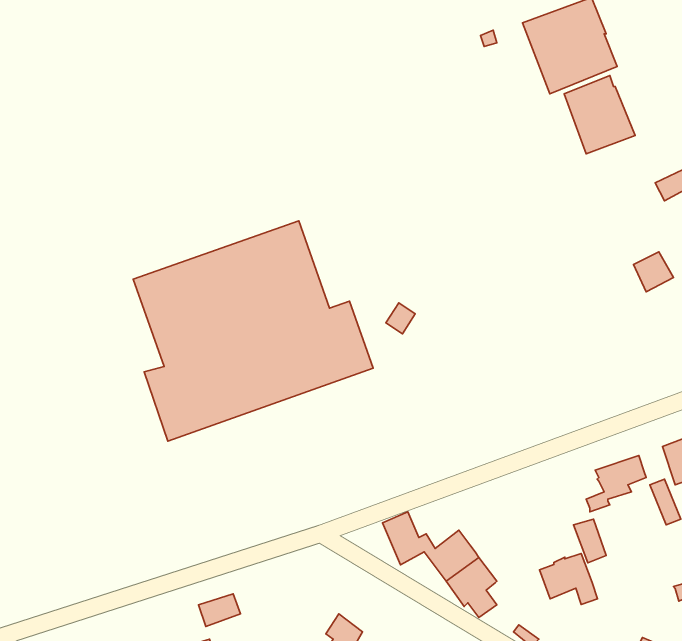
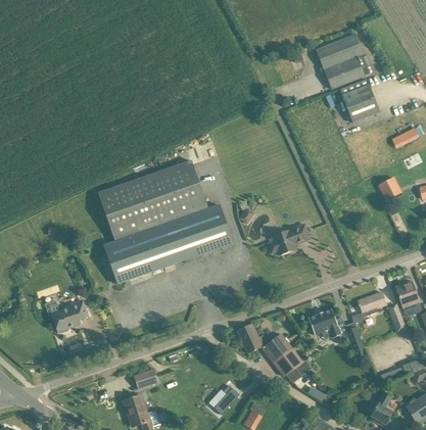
building: none -> [268,224,310,255]
building: none -> [50,300,87,332]
building: [539,554,598,604] -> [307,309,340,338]

